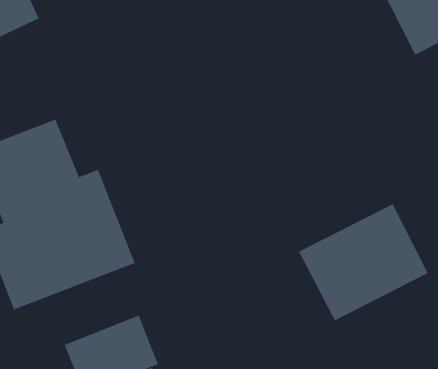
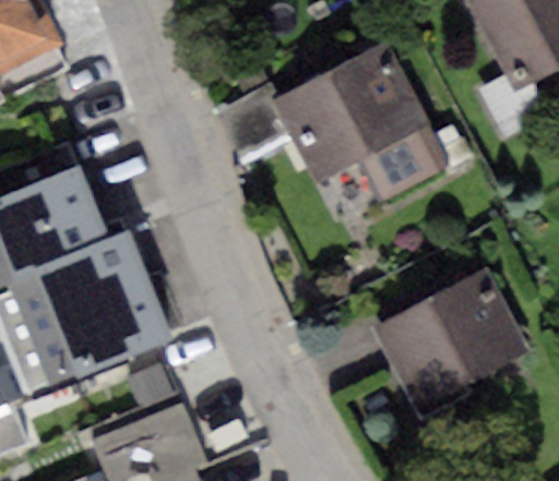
building: none -> [275,45,448,202]

